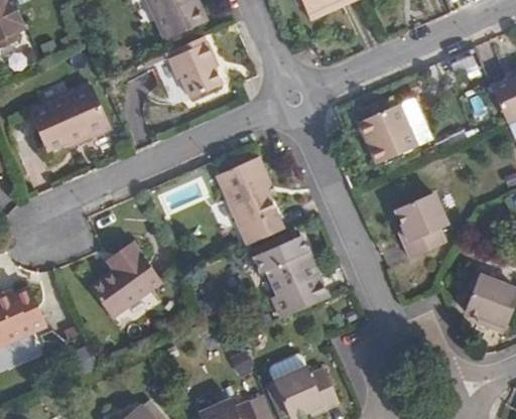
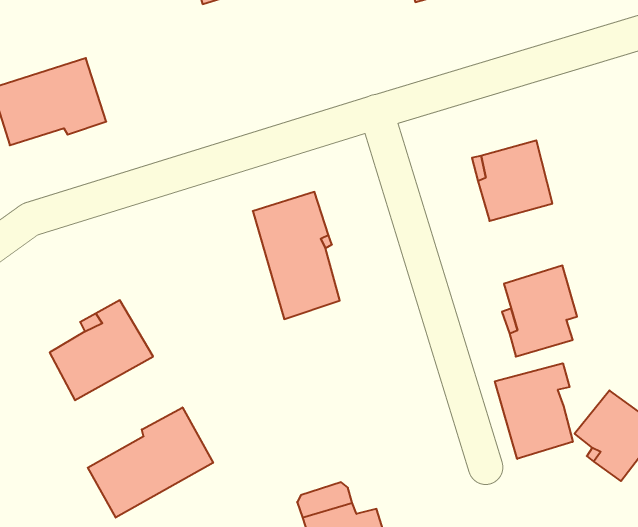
building: [167,36,220,98] -> none
building: [254,236,327,318] -> none
building: none -> [495,363,573,459]
building: none -> [88,407,213,518]

